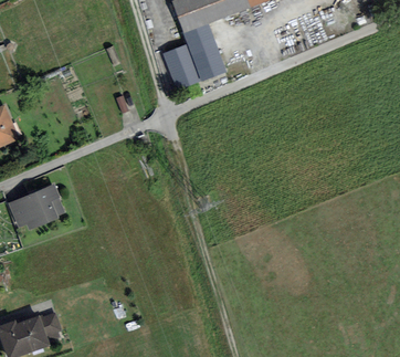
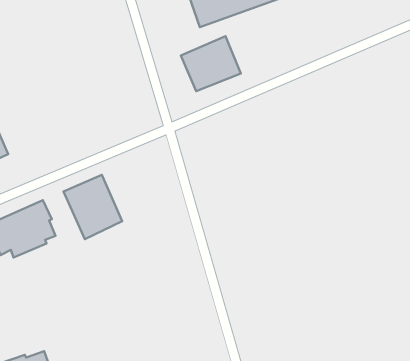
building: none -> [63,175,122,239]

